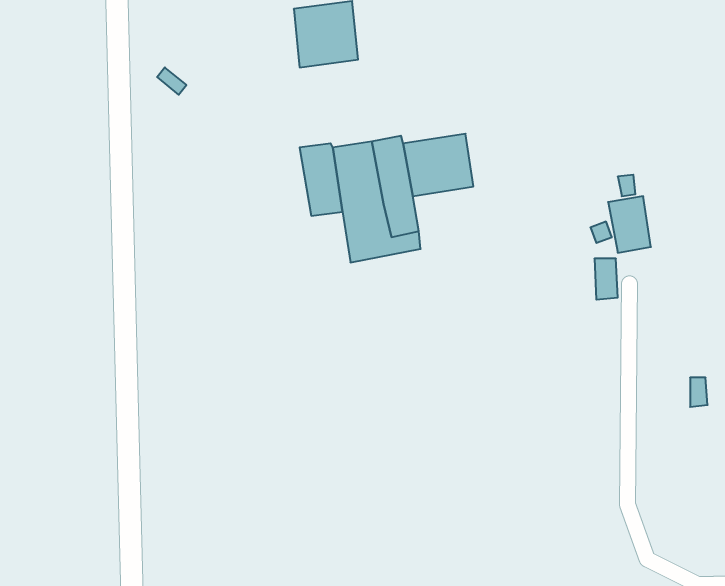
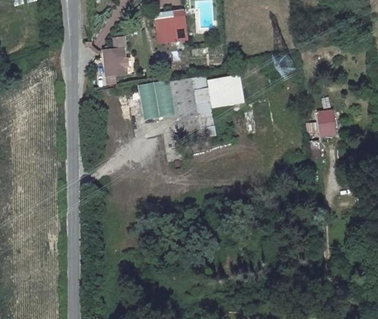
building: none -> [104,49,125,74]
building: none -> [140,83,162,121]

